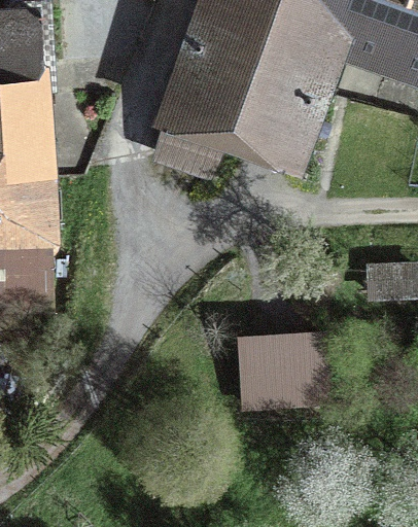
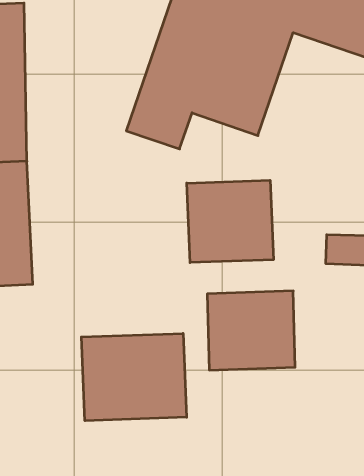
building: none -> [187,180,273,263]
building: none -> [81,333,187,421]

